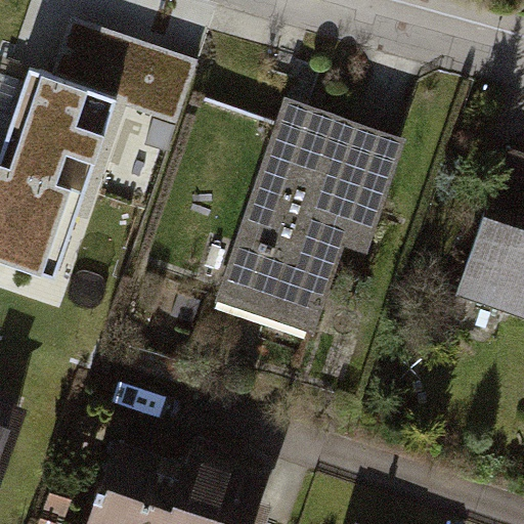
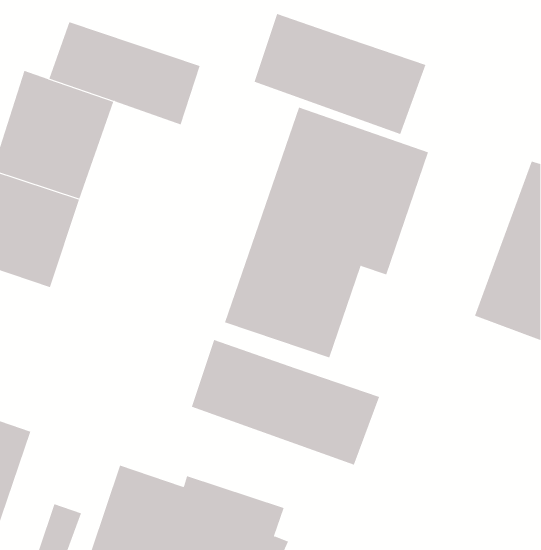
building: none -> [254,13,426,135]
building: none -> [191,339,380,466]

